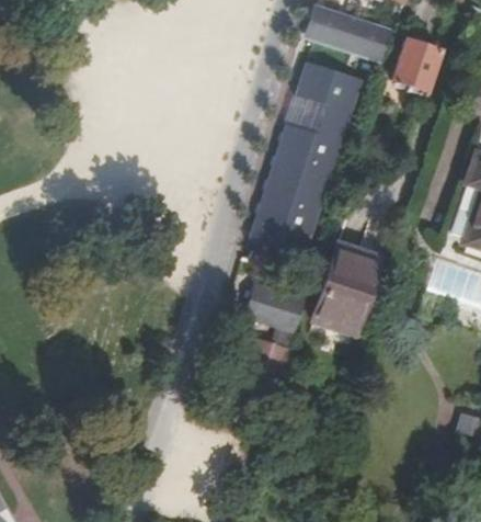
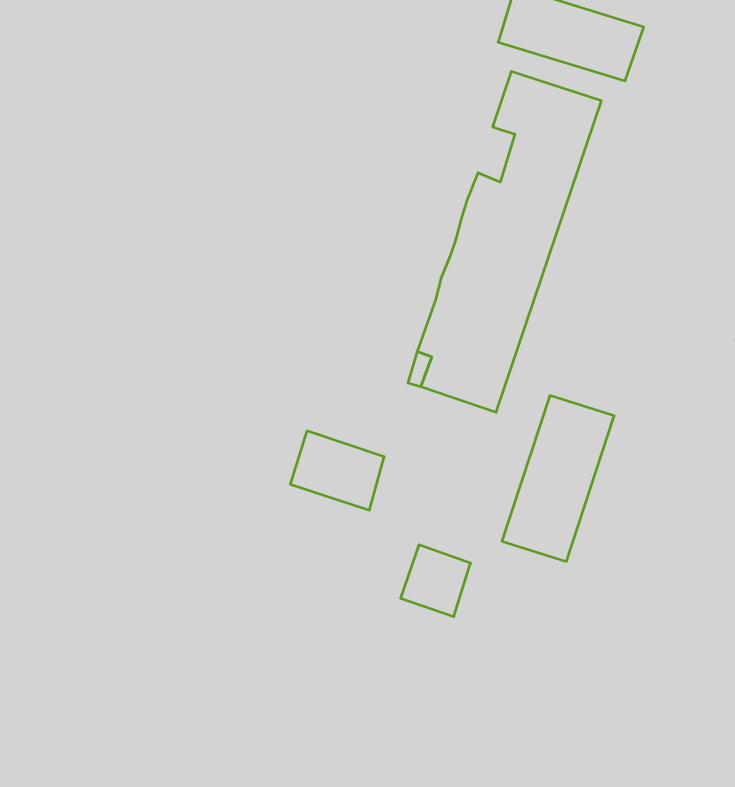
building: [390,41,438,98] -> none
building: [245,284,301,331] -> [290,431,384,510]

